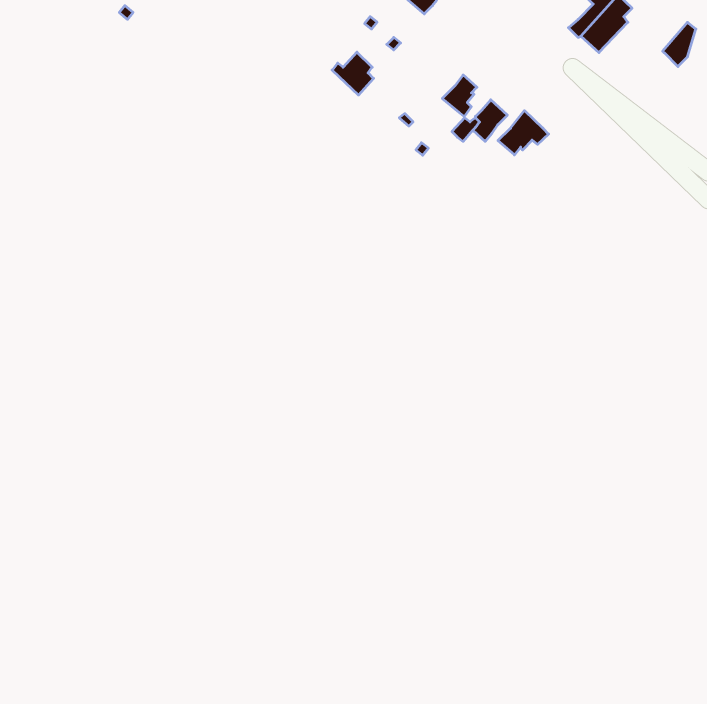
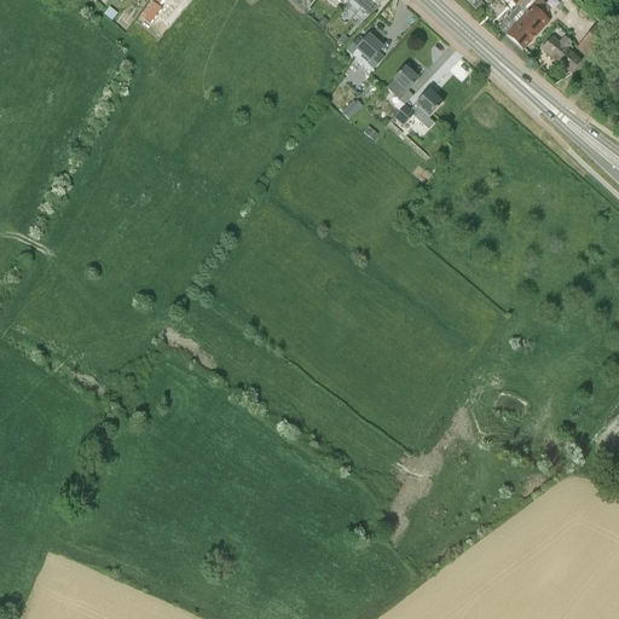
building: none -> [543,34,582,71]
building: [332,52,374,95] -> [348,33,384,70]
building: [498,111,549,155] -> none

